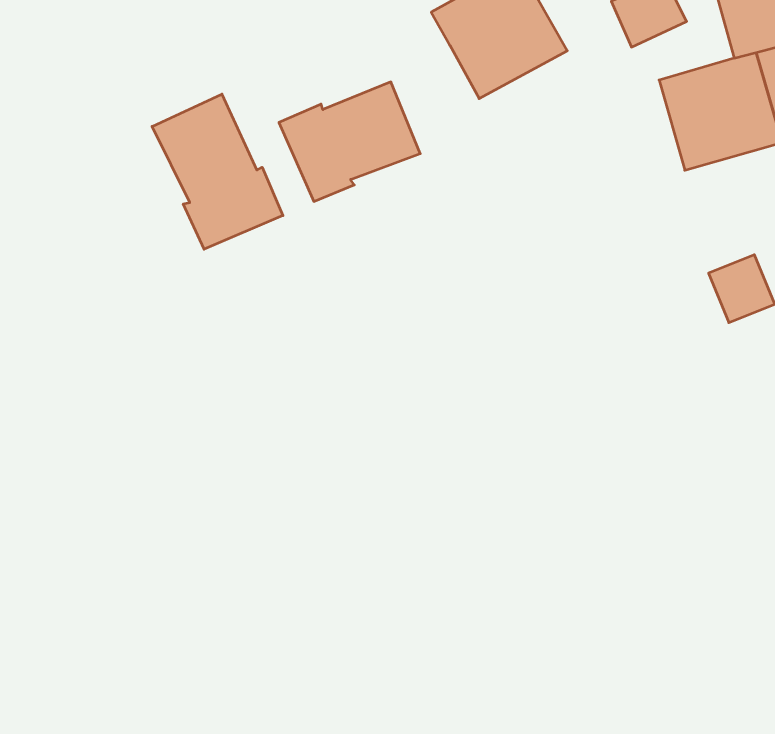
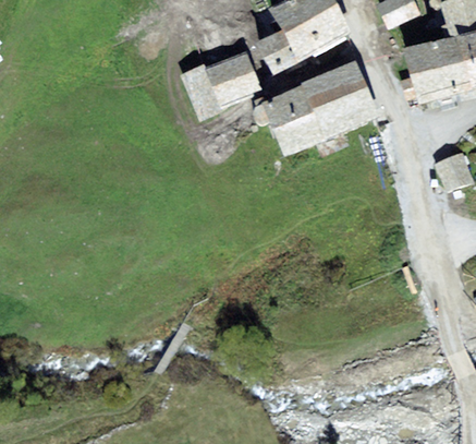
building: none -> [256,27,297,72]
building: [152,94,283,249] -> none
building: none -> [263,58,379,155]

